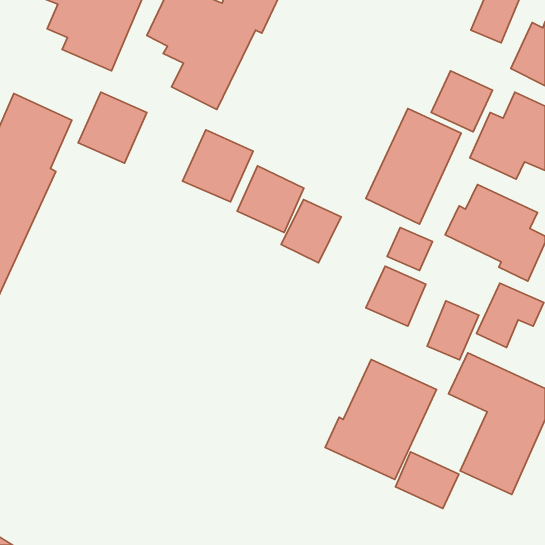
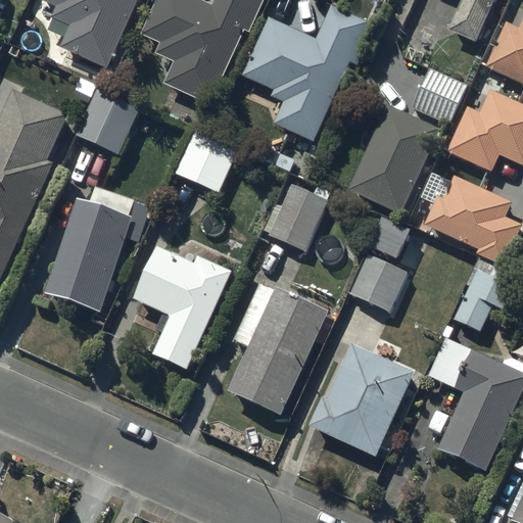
building: none -> [242,4,370,142]
building: [237,166,304,233] -> none
building: none -> [46,198,132,312]
building: none -> [134,246,232,369]
building: [427,301,479,360] -> none
building: none -> [229,287,334,414]
building: [396,452,459,508] -> none

